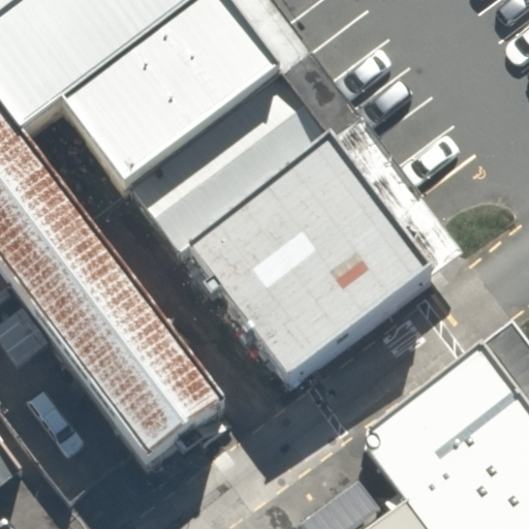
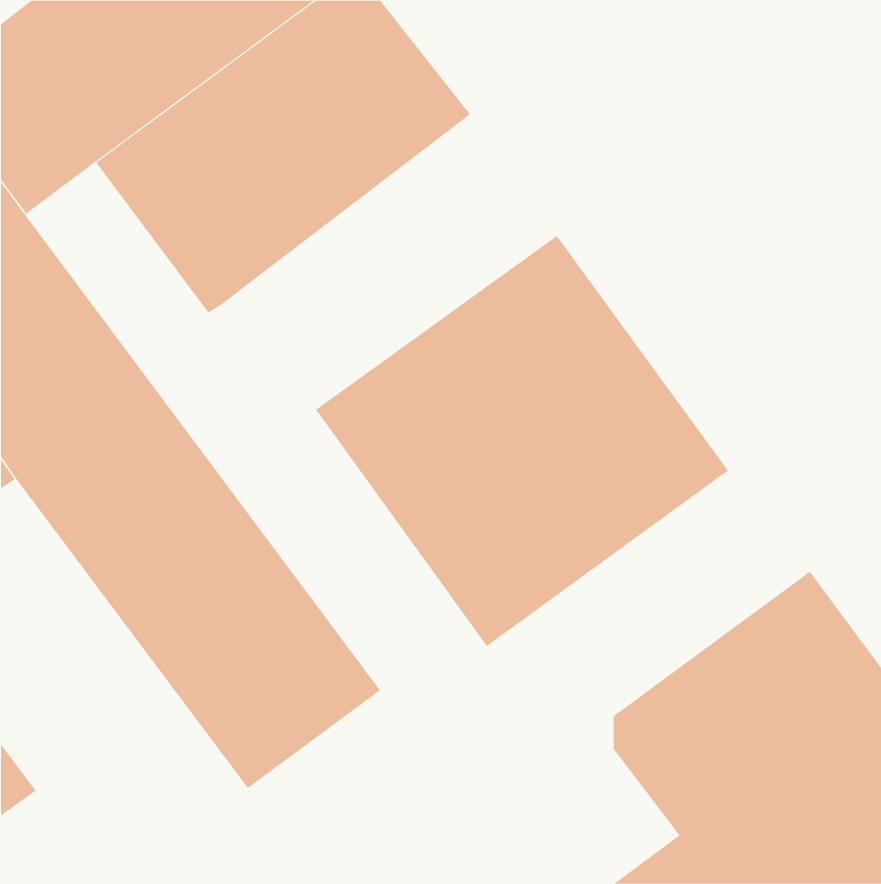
building: [133,68,335,251] -> none

